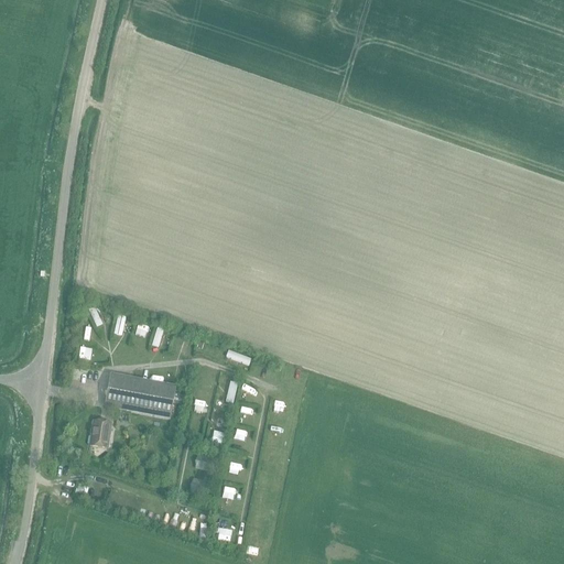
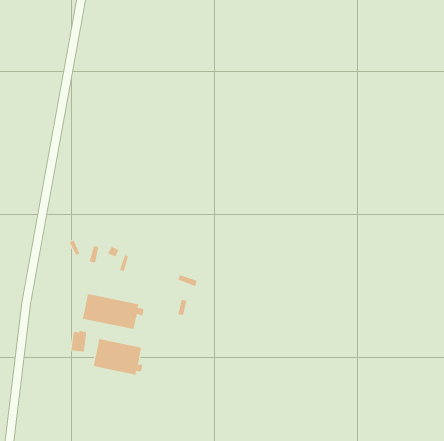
building: none -> [93,338,143,375]

